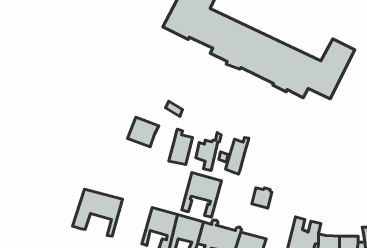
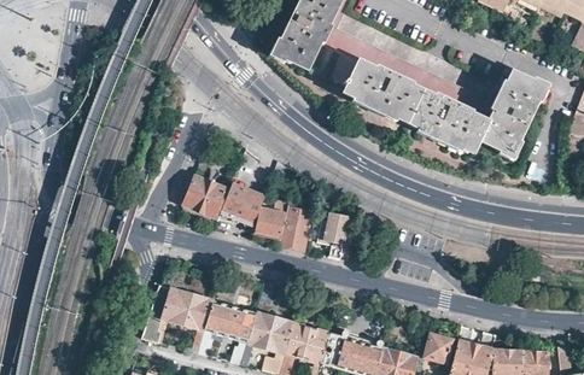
building: none -> [182,175,227,216]
building: none -> [252,199,291,239]
building: [226,137,249,174] -> none
building: [182,173,221,217] -> [199,299,256,363]
building: [252,188,272,208] -> [425,333,454,362]

